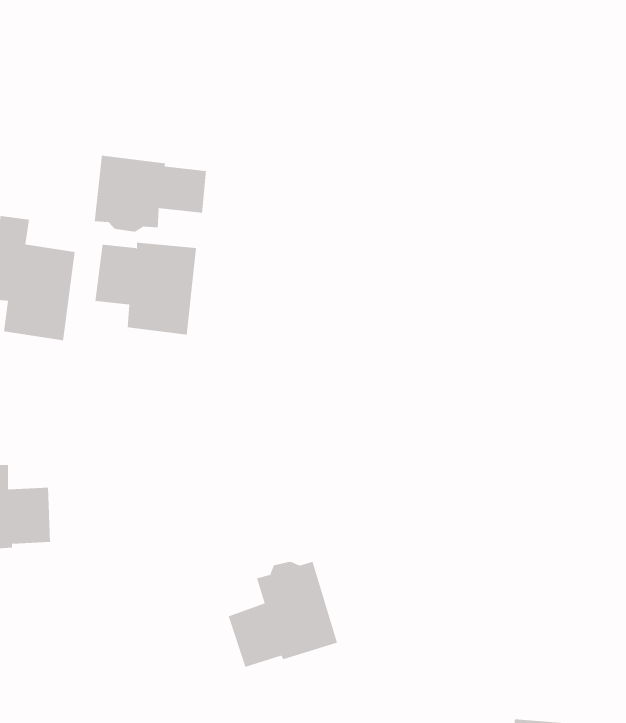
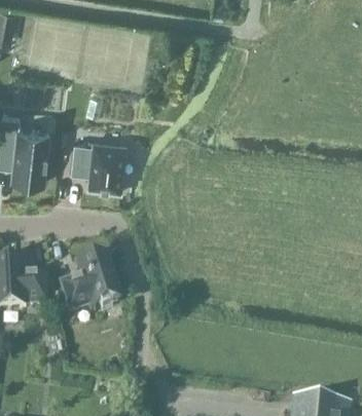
building: [94,155,207,233] -> none
building: [228,561,338,668] -> [59,249,118,306]

